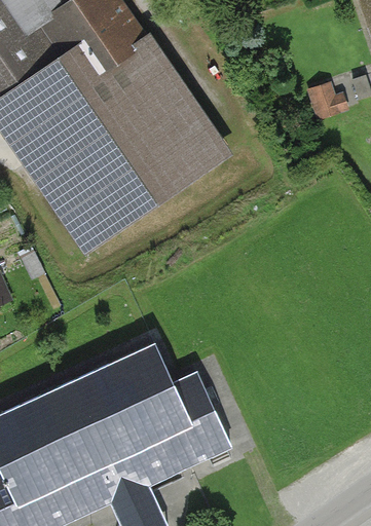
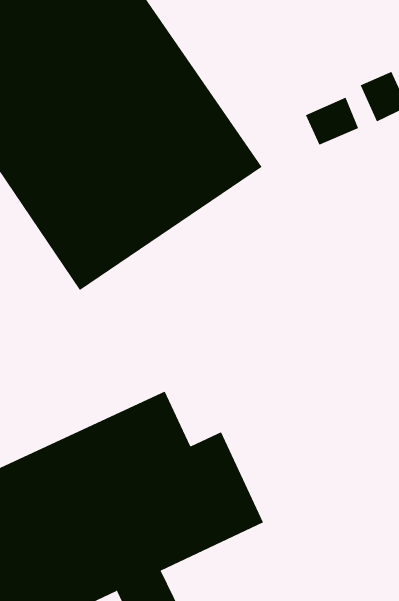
building: none -> [305,97,359,146]

